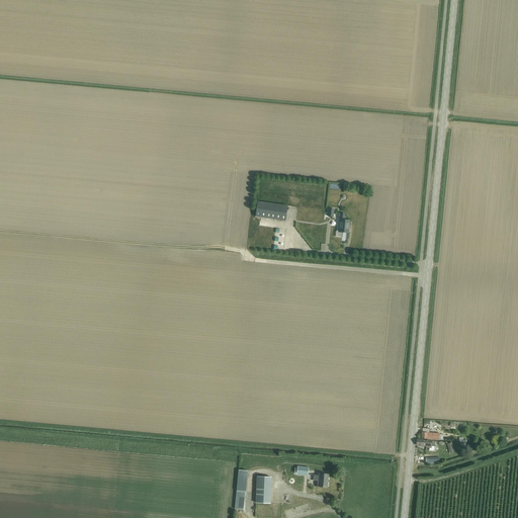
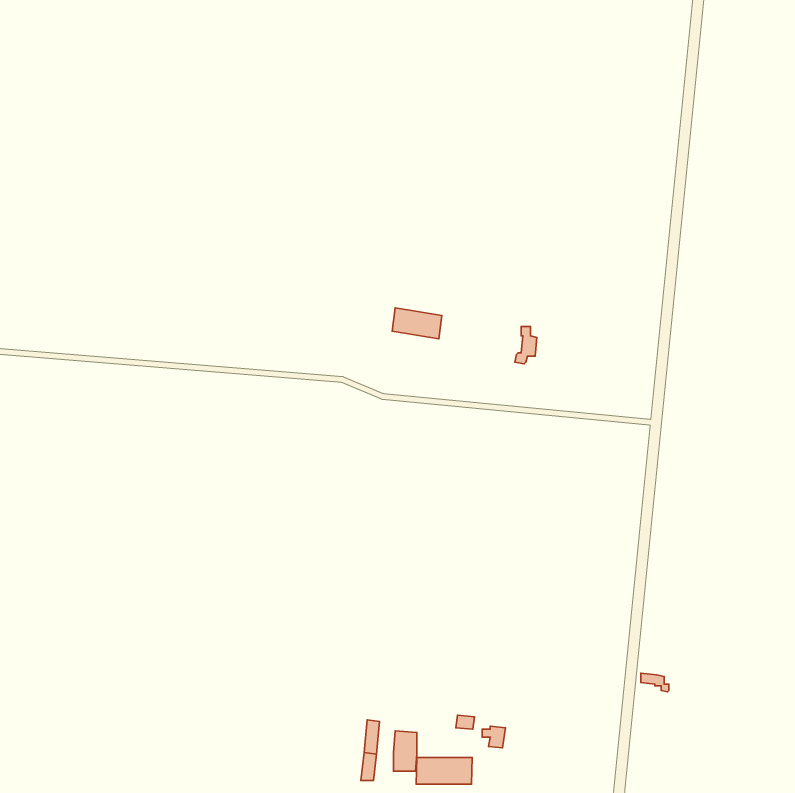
building: none -> [416,758,472,784]

